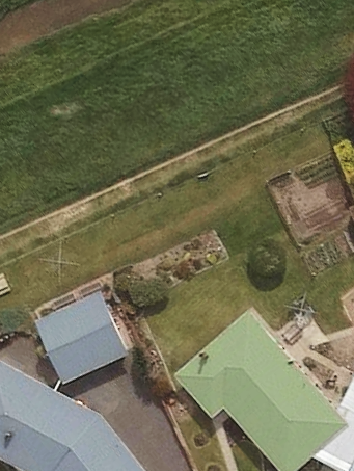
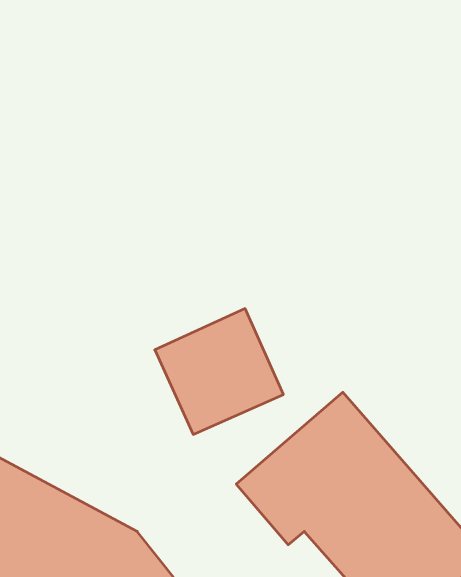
building: [40,296,131,385] -> [155,309,283,434]

